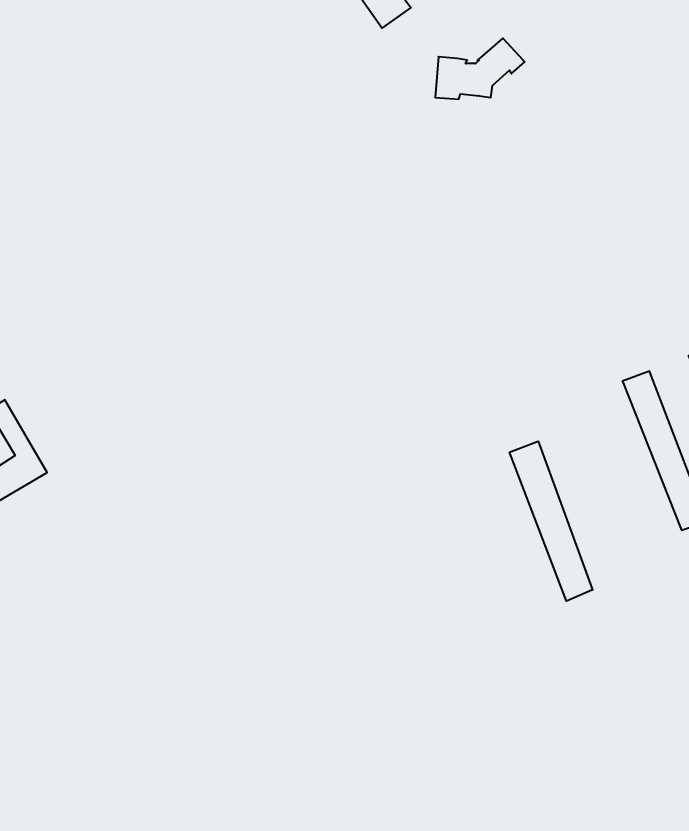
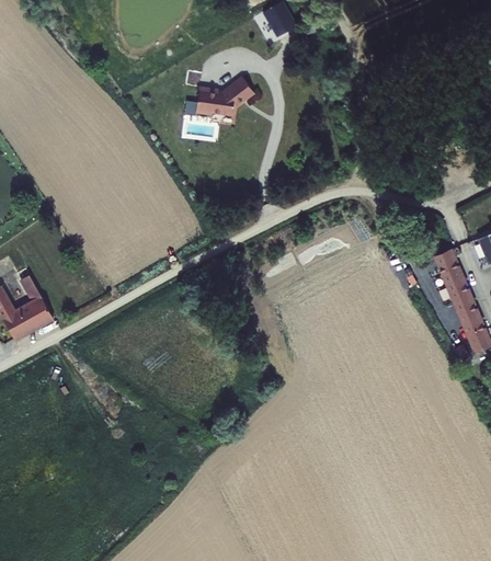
building: [435,38,525,99] -> [203,70,261,110]
building: [510,441,593,601] -> none

